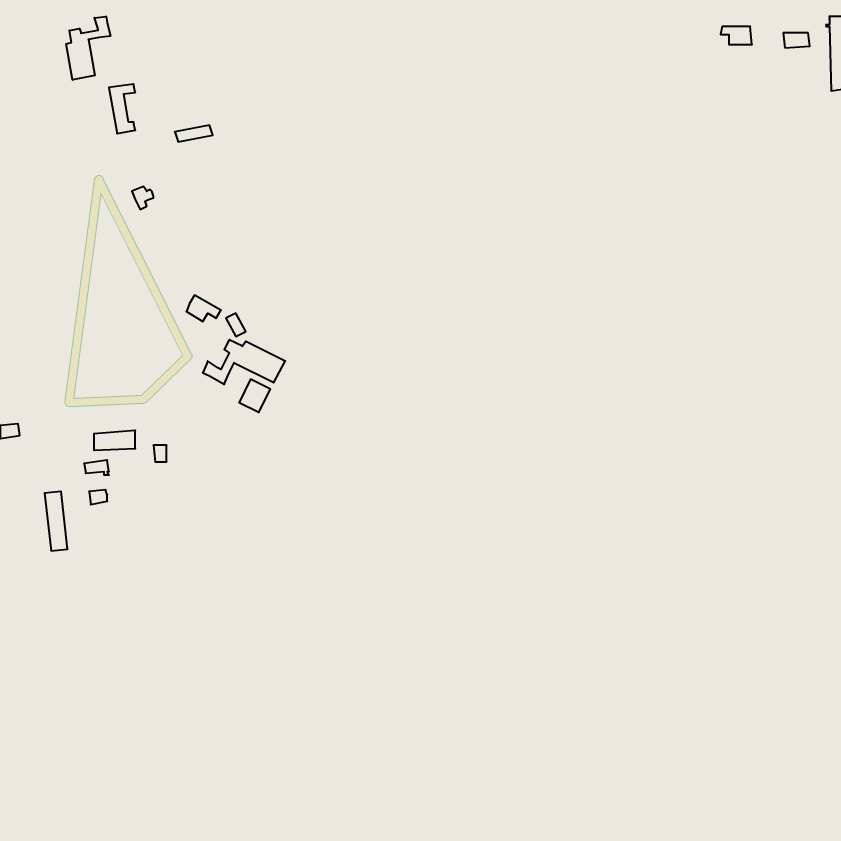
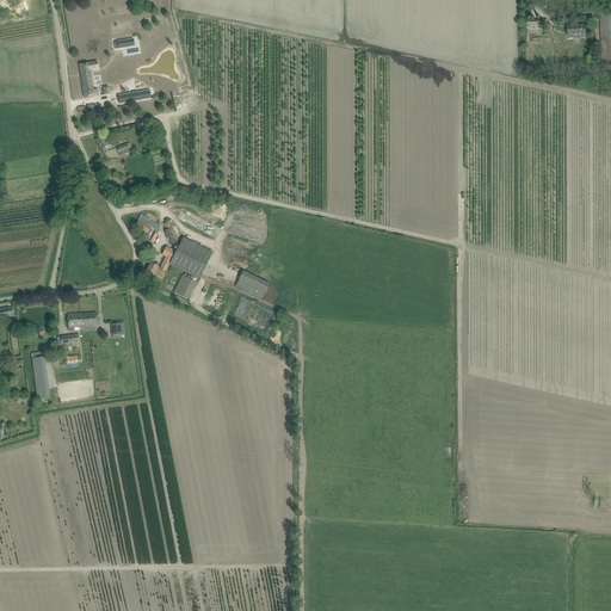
building: [66,16,110,80] -> none
building: none -> [236,270,271,297]

